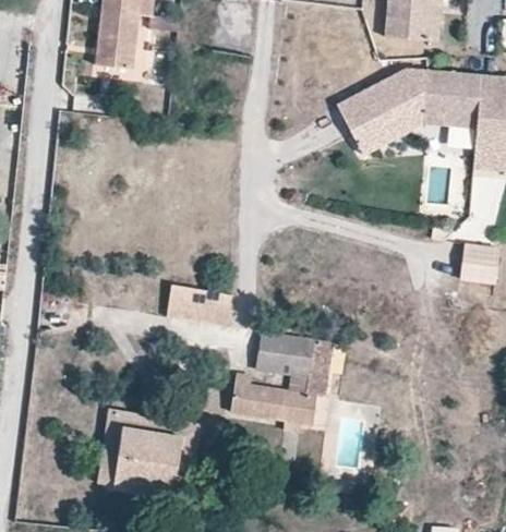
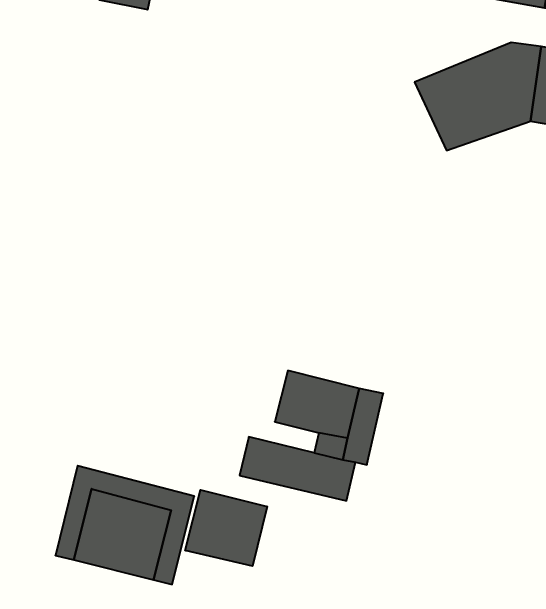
building: [166,286,233,326] -> none
building: none -> [185,490,267,566]

